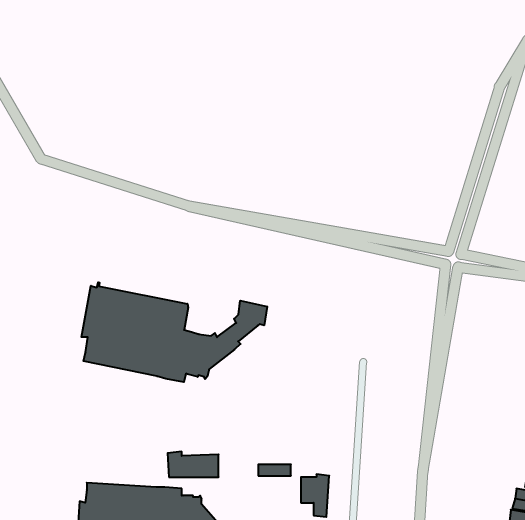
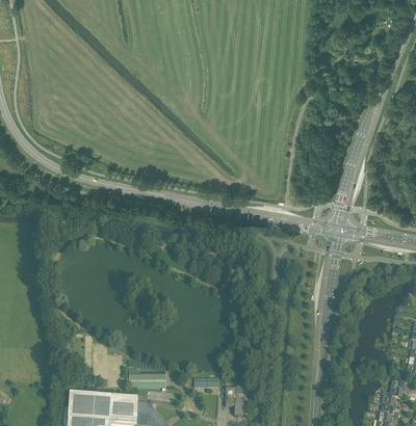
building: [81,282,267,382] -> none

